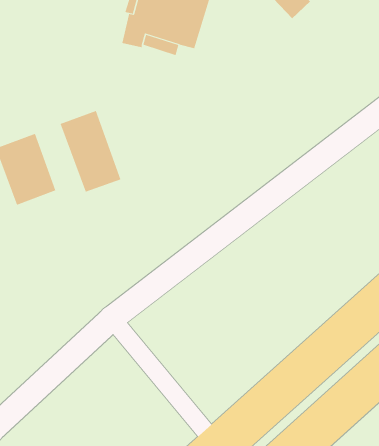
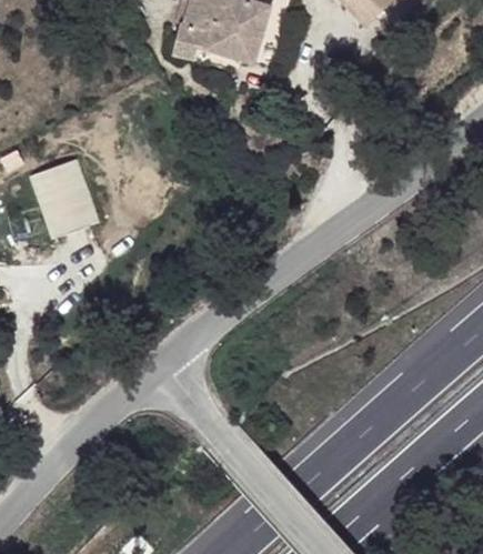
building: [60,110,121,193] -> none

